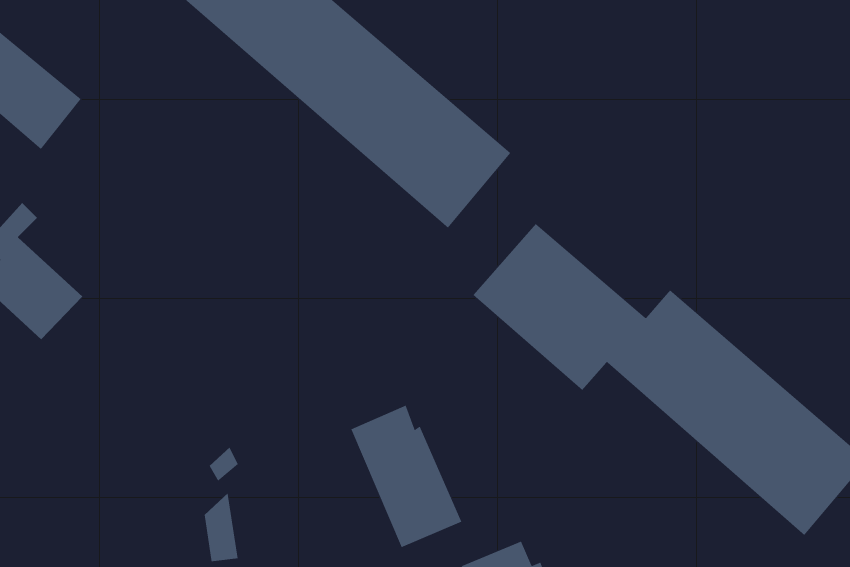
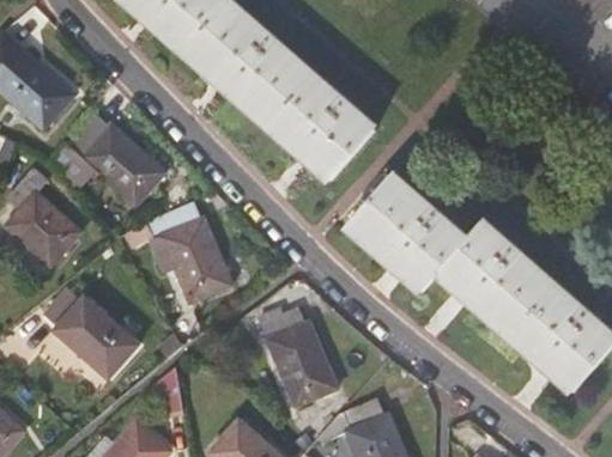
building: none -> [51,114,164,202]
building: none -> [149,199,232,298]
building: none -> [46,288,135,374]

